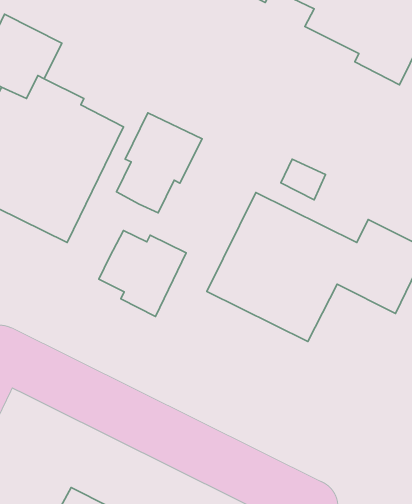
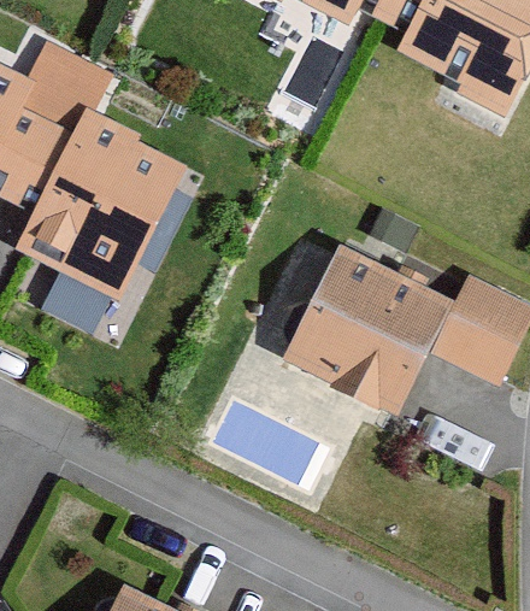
building: [116,113,202,213] -> none
building: [99,230,186,316] -> none

